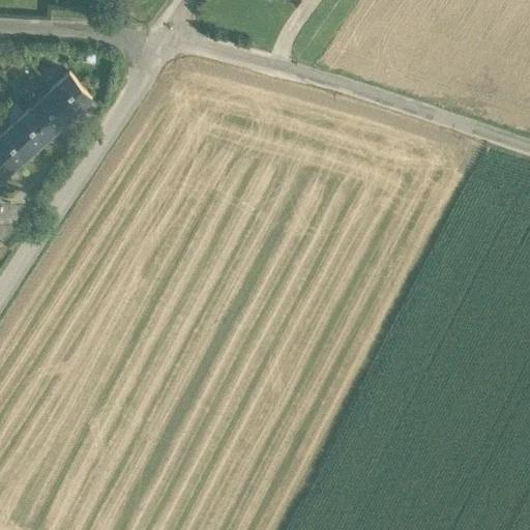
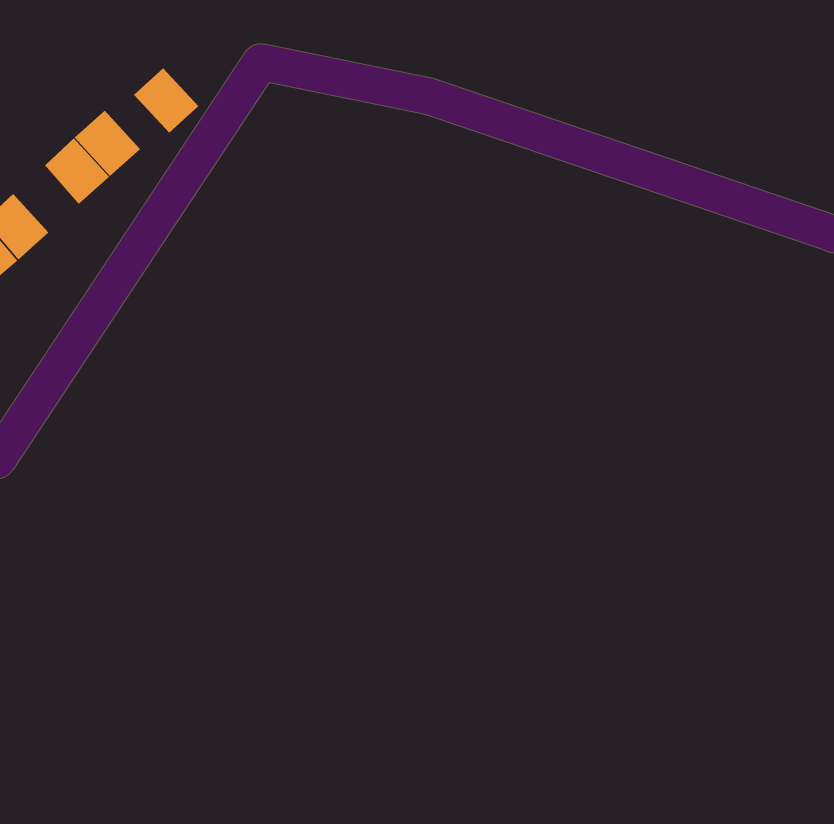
building: none -> [133,67,199,134]
building: [8,113,50,155] -> none

